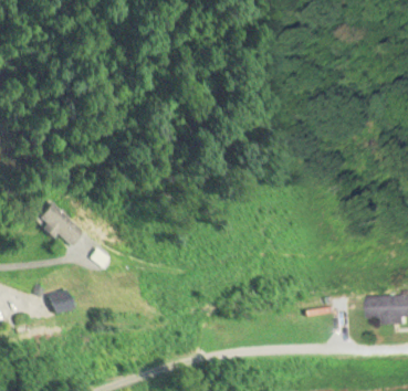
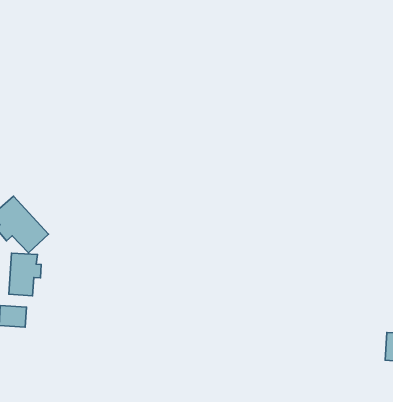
building: none -> [9,253,41,296]

